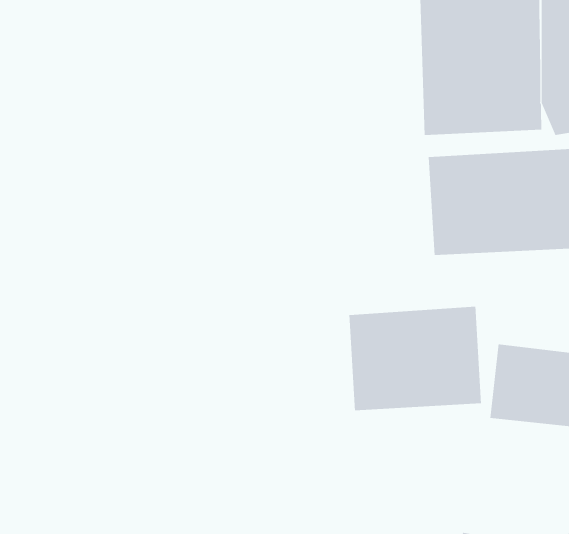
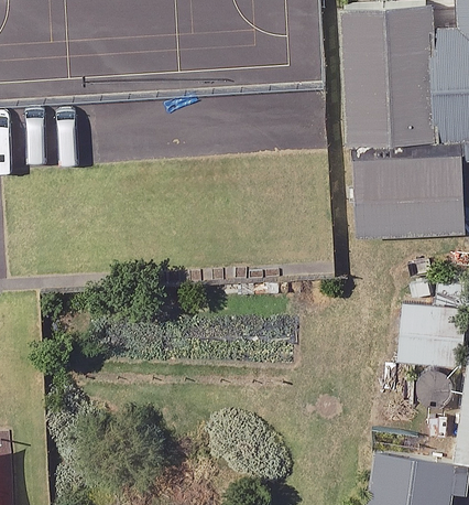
building: [349,306,481,411] -> none

